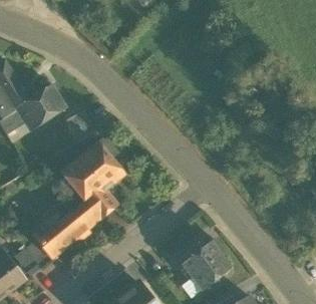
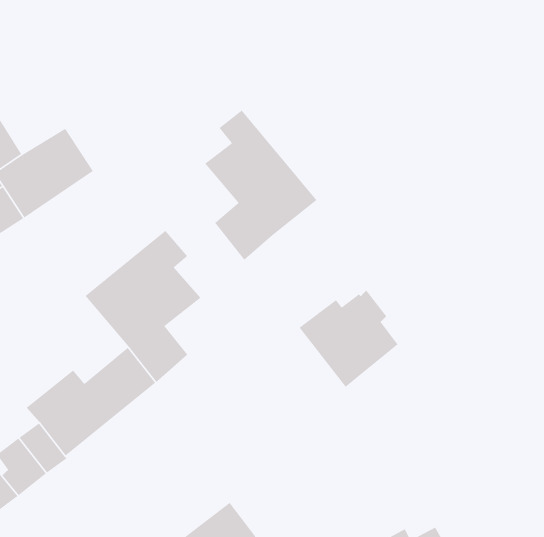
building: none -> [204,110,317,261]
building: [63,109,95,141] -> none
building: [177,238,230,290] -> [298,290,398,388]

